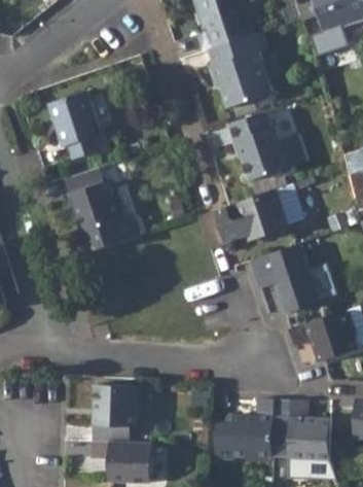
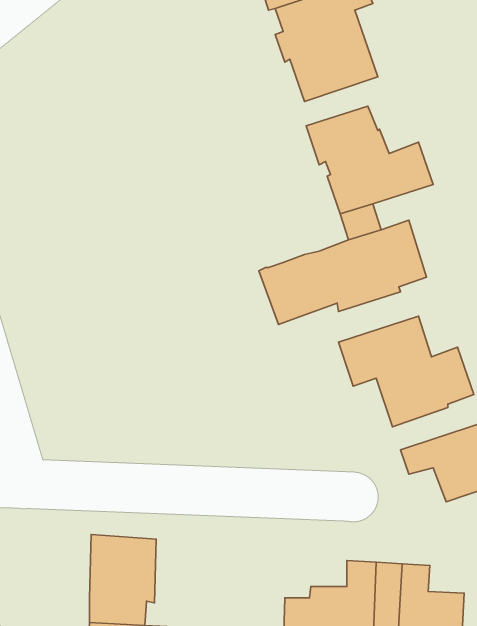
building: [47,92,101,160] -> none
building: [64,167,141,251] -> none

